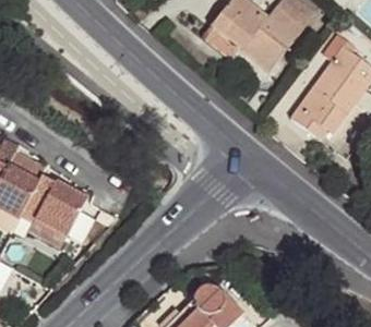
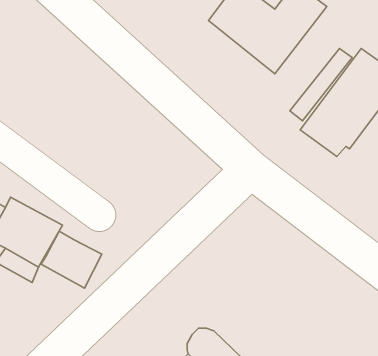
building: none -> [41,231,102,288]

